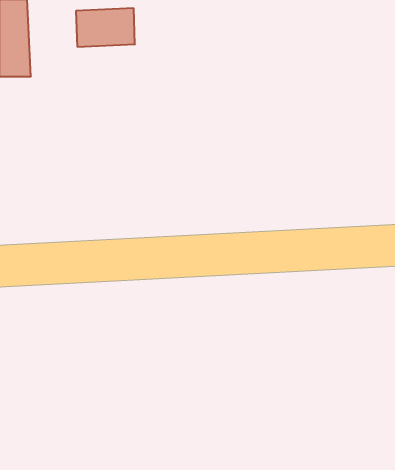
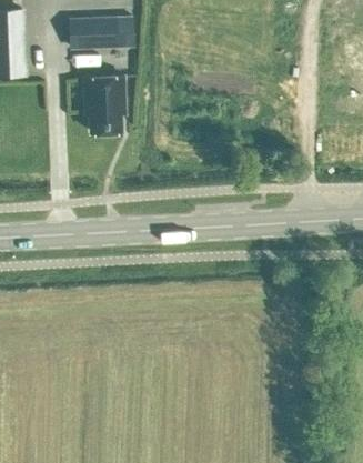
building: none -> [85,77,123,132]

